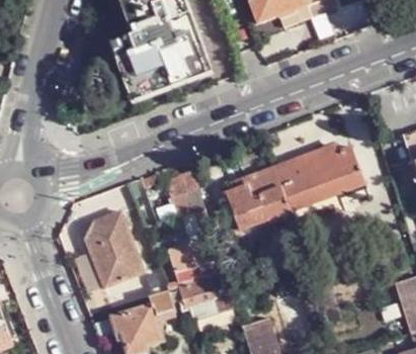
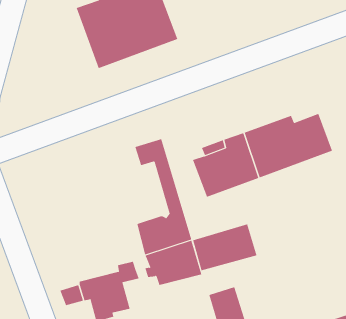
building: [86,210,145,287] -> none
building: none -> [192,224,257,271]

